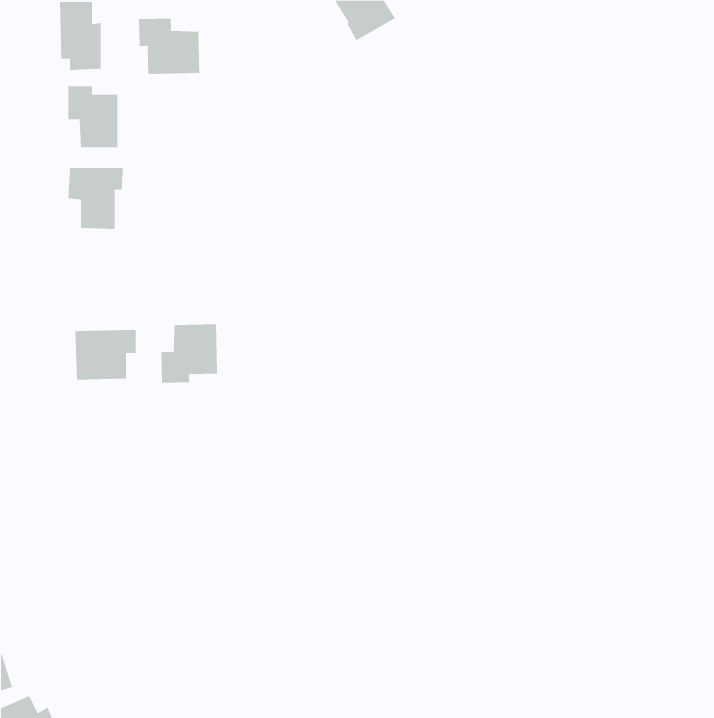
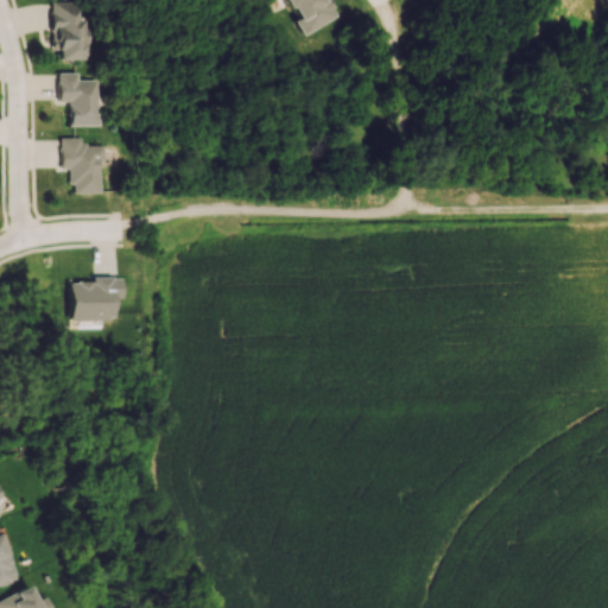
building: [138,18,200,75] -> none
building: [161,324,218,383] -> none

